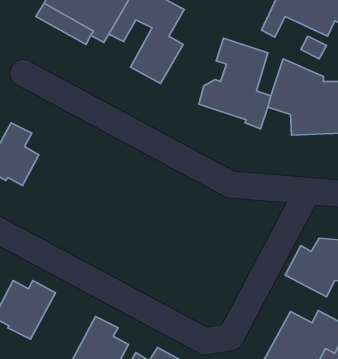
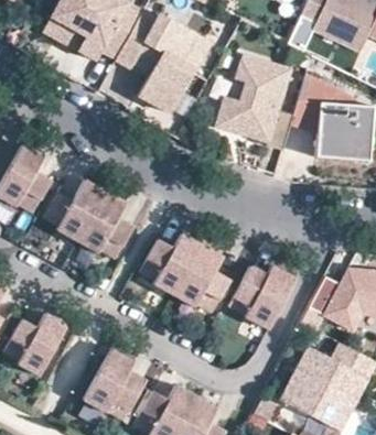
building: none -> [41,178,131,255]
building: none -> [139,231,230,308]
building: none -> [228,262,293,326]

